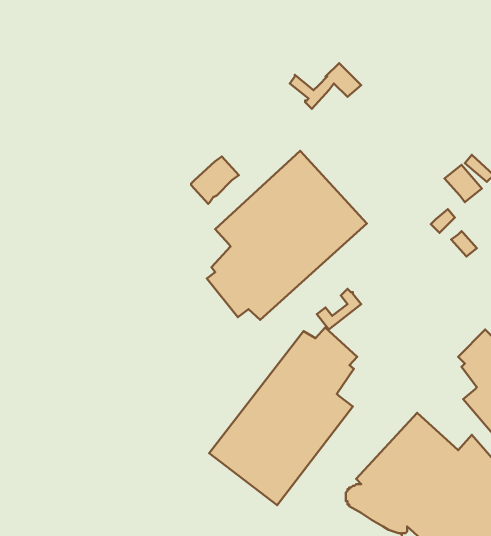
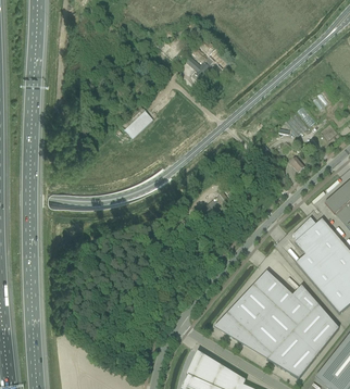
building: [207,151,367,320] -> none
building: [209,328,357,505] -> none

